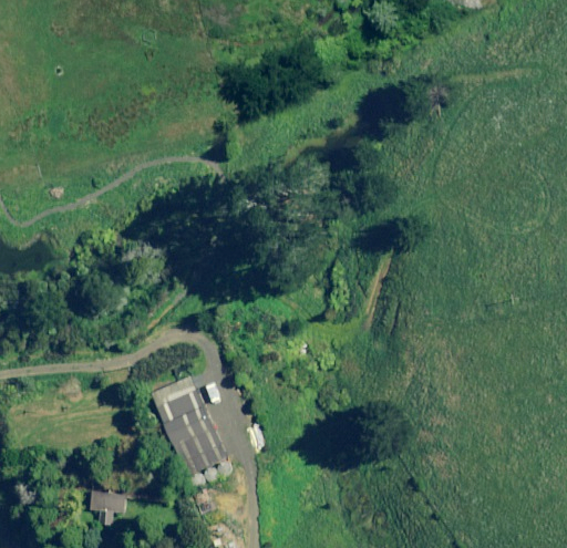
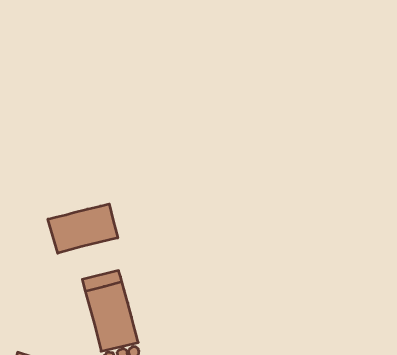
building: none -> [48,204,118,253]

